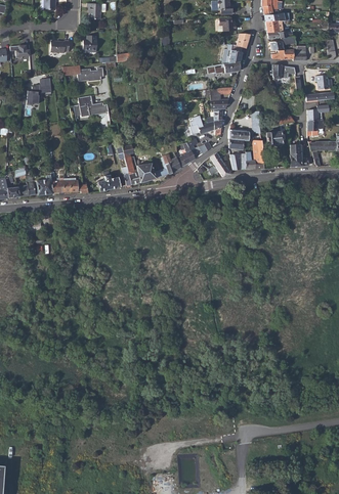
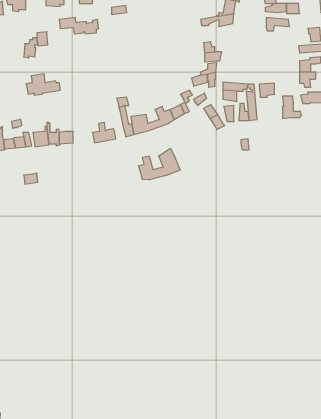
building: [74,95,109,117] -> [26,74,60,95]
building: none -> [139,148,180,180]

